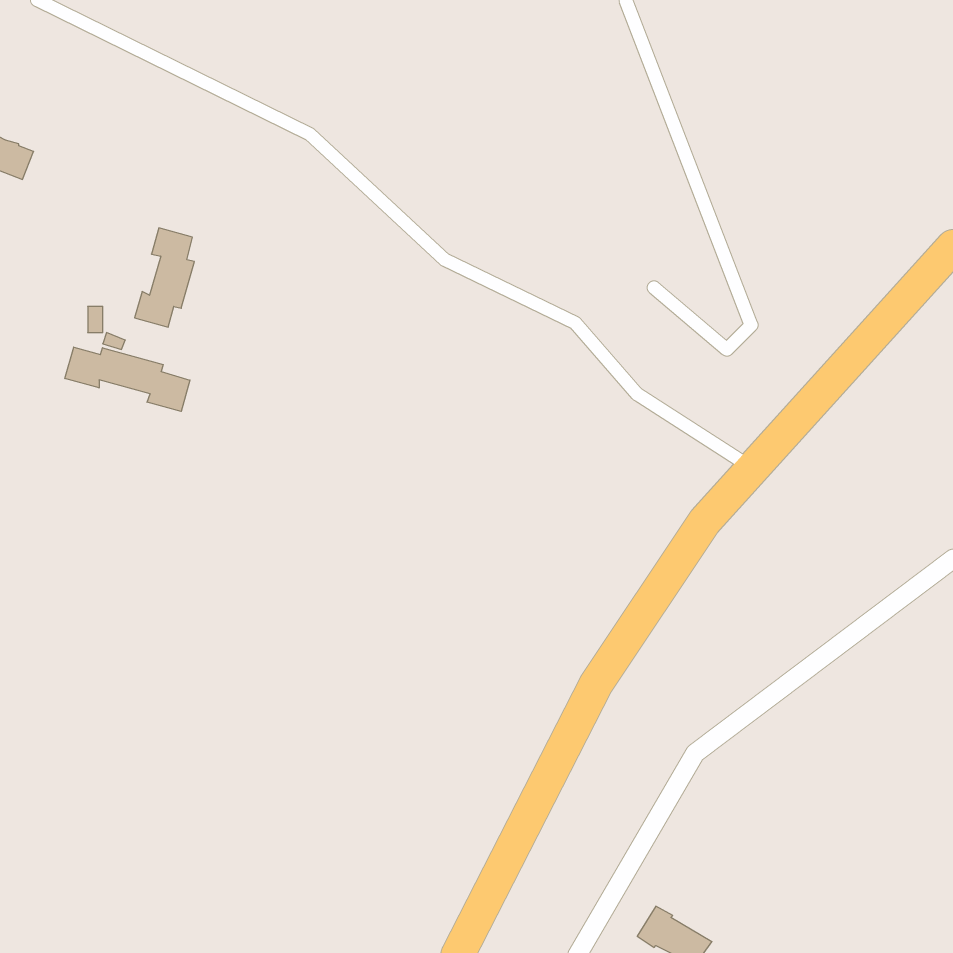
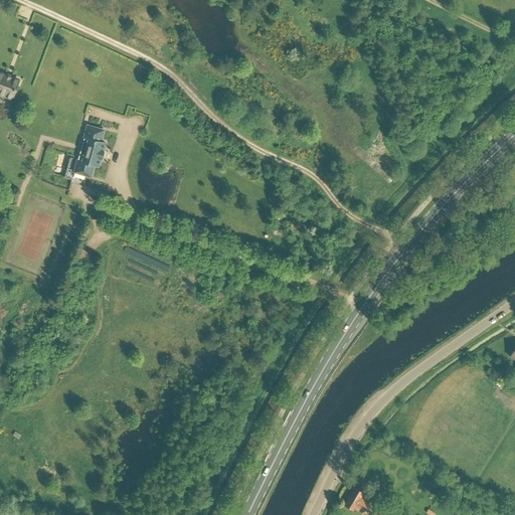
building: [65,347,190,411] -> none

